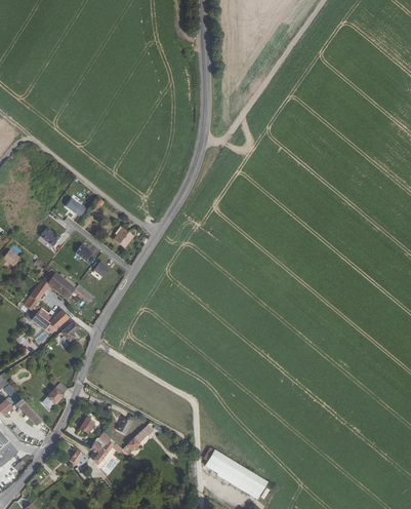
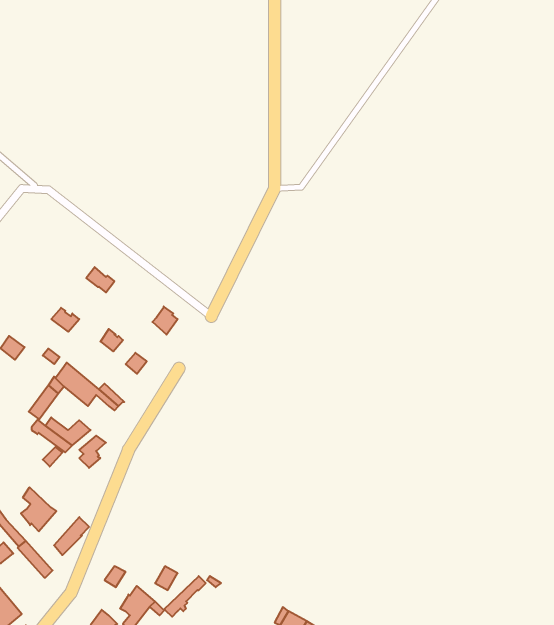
building: none -> [21,487,56,531]

